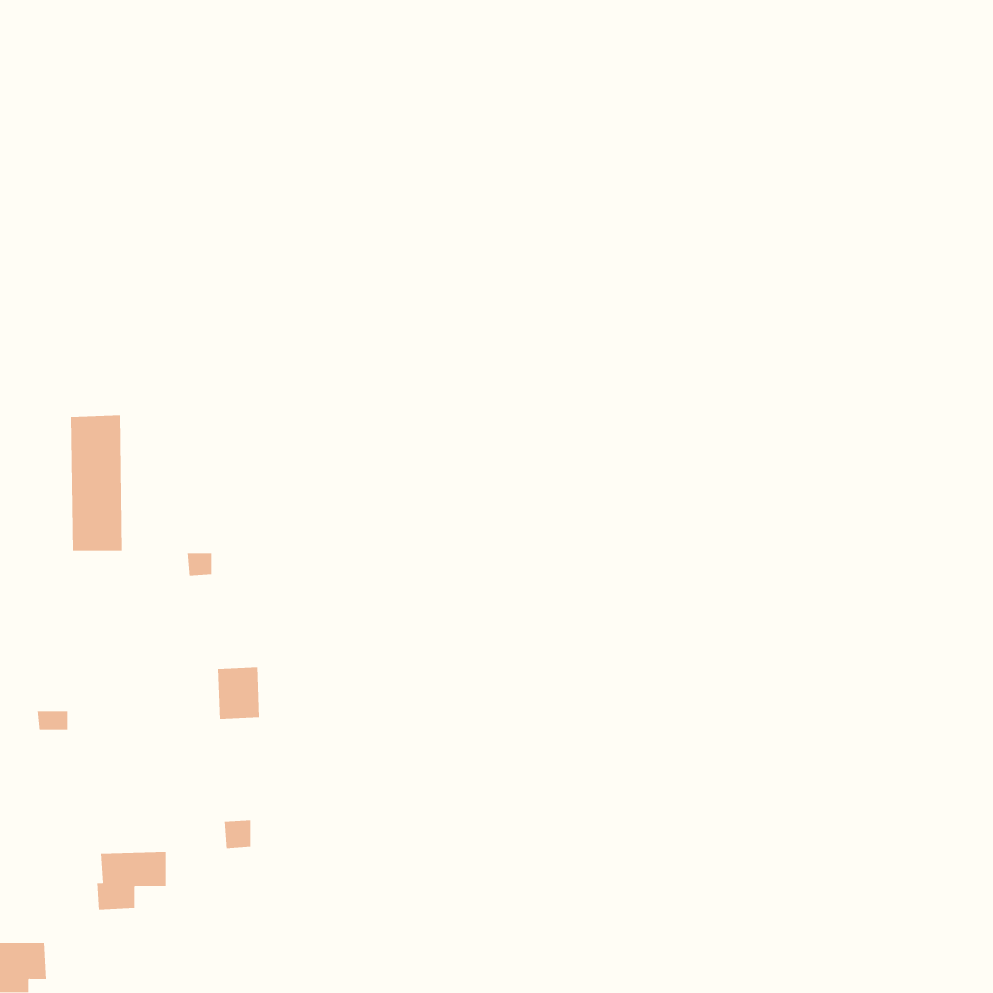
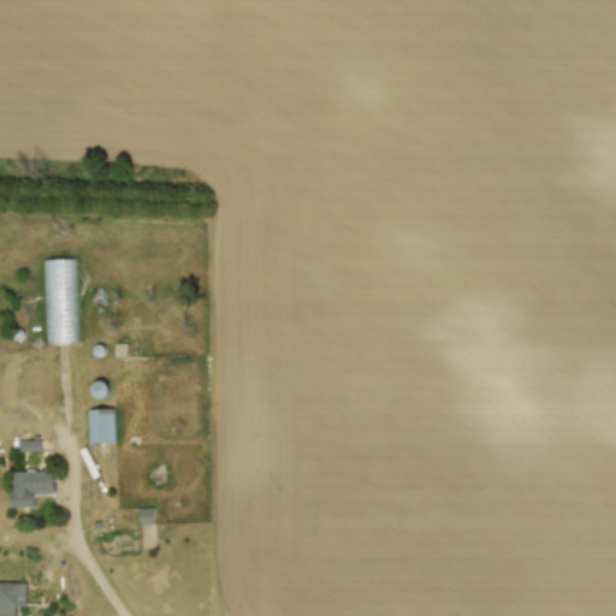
building: [217,667,260,719] -> [89,409,116,442]
building: [96,852,166,910] -> [11,472,54,508]

